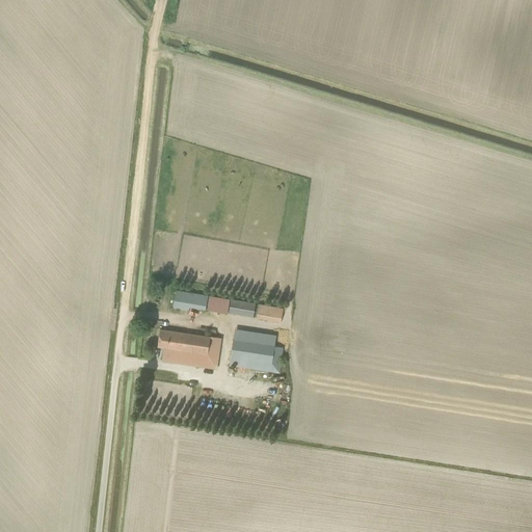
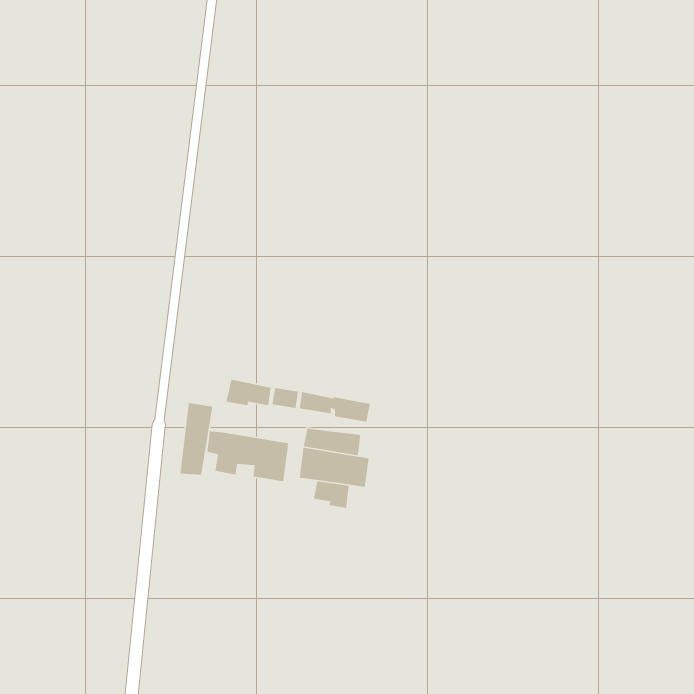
building: none -> [179,402,213,476]
building: none -> [313,481,349,509]

